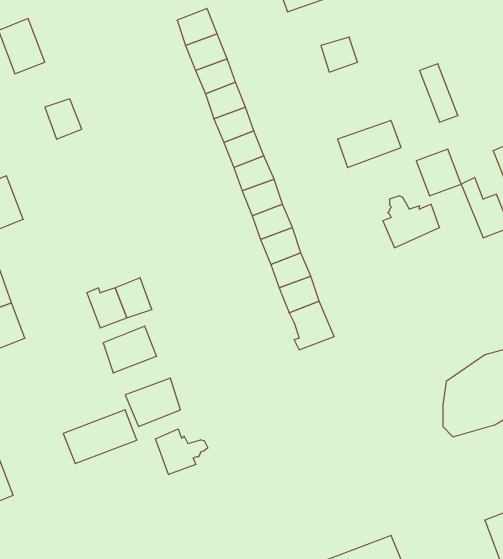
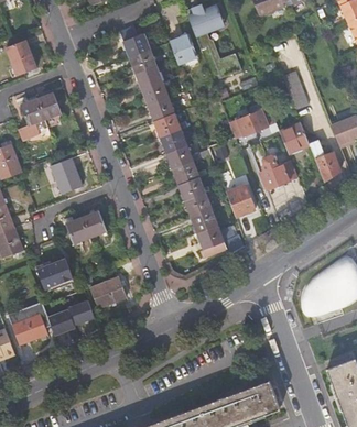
building: none -> [170,34,198,68]
building: none -> [18,95,45,141]
building: none -> [51,157,83,194]
building: none -> [227,185,256,218]
building: [103,326,157,373] -> [37,258,73,288]
building: [156,429,208,475] -> none
building: none -> [12,313,47,343]

